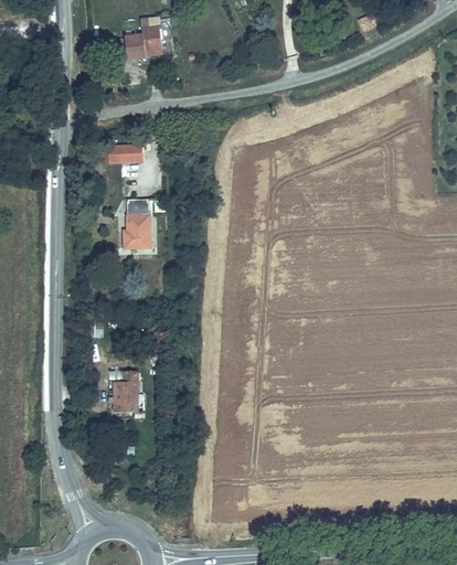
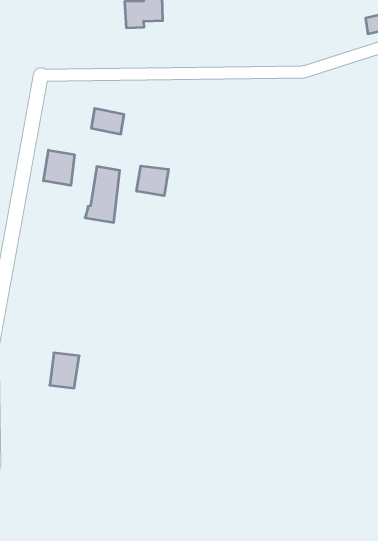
building: none -> [137,166,169,196]
building: none -> [43,150,74,185]

